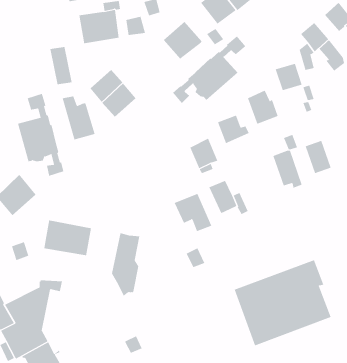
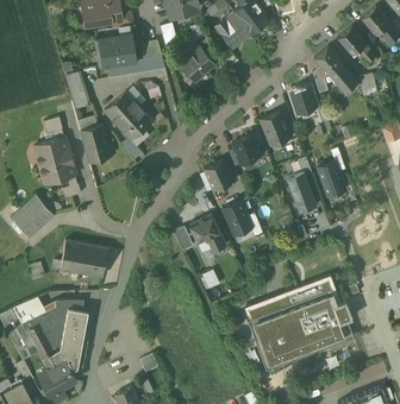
building: [172,35,246,104] -> none
building: [111,233,140,296] -> [58,310,87,373]

